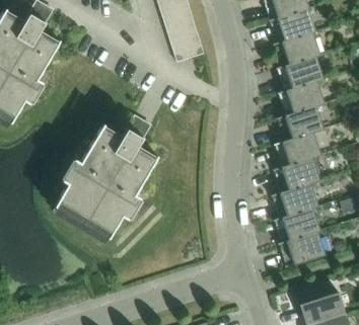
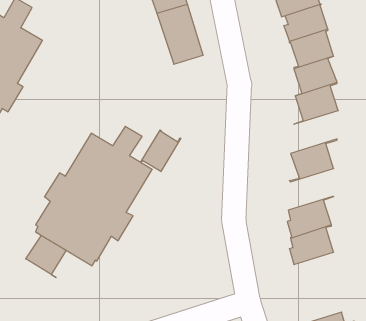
building: [282,103,325,142] -> none
building: none -> [140,130,181,172]
building: [280,155,320,192] -> none
building: none -> [26,233,66,278]
building: [285,230,325,265] -> none

